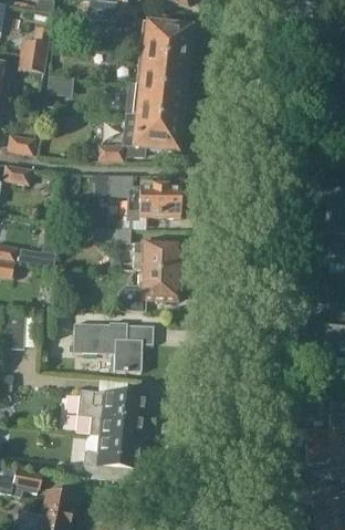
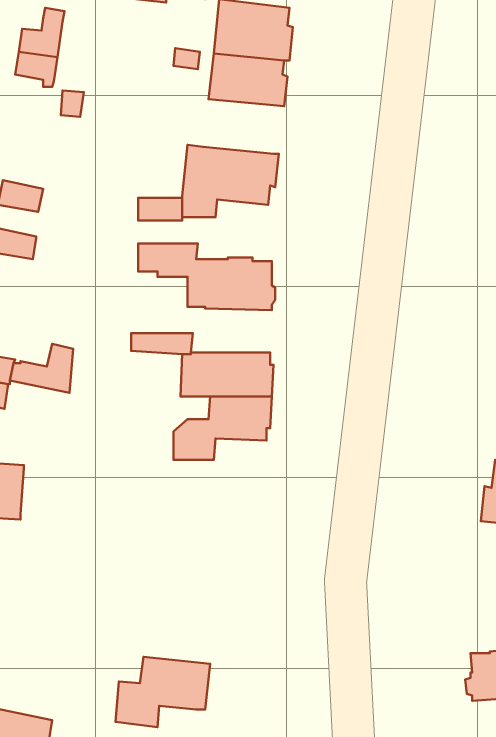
building: [127,82,188,117] -> none
building: [73,322,153,371] -> none
building: [77,388,146,438] -> none

